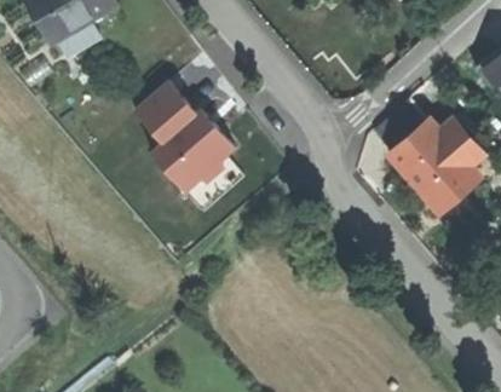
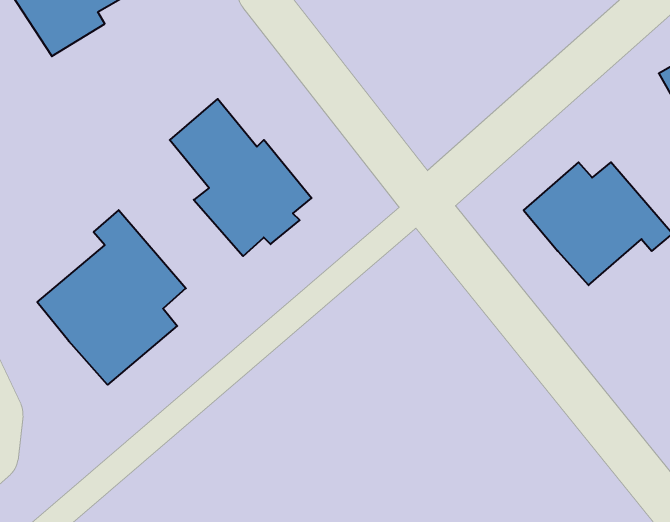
building: none -> [37,210,186,385]

